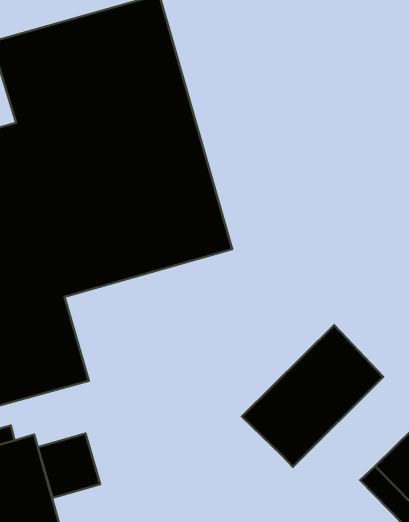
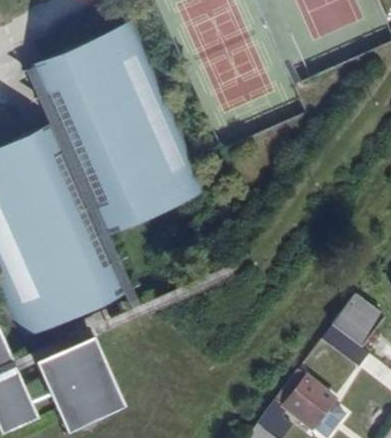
building: [242,325,383,467] -> none
building: [38,433,100,498] -> none

